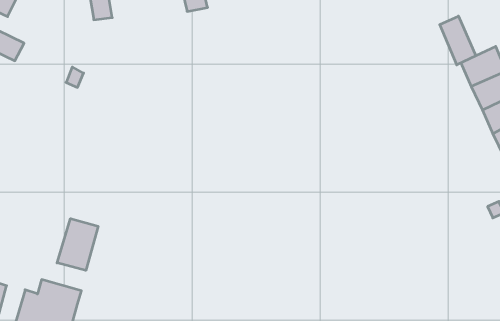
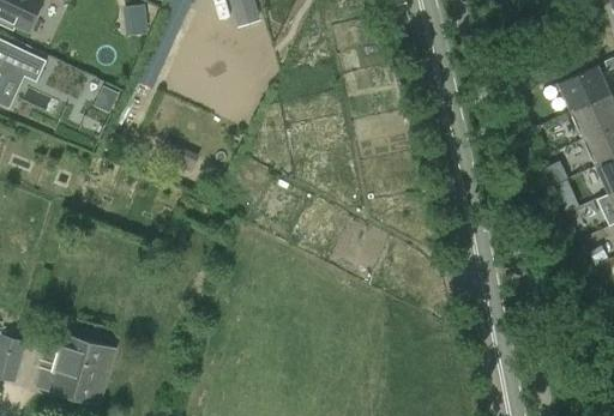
building: [440,16,476,65] -> none
building: [57,219,98,270] -> none

